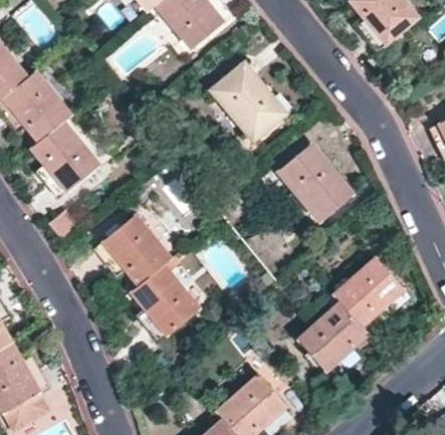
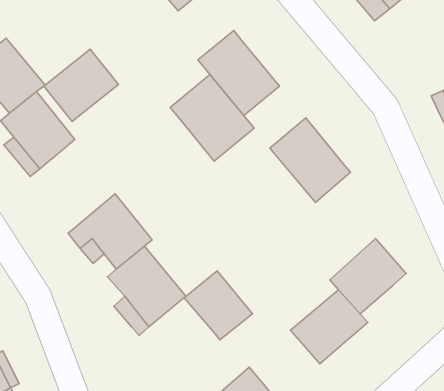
building: none -> [44,49,118,121]
building: none -> [170,75,254,161]
building: none -> [184,271,252,340]

